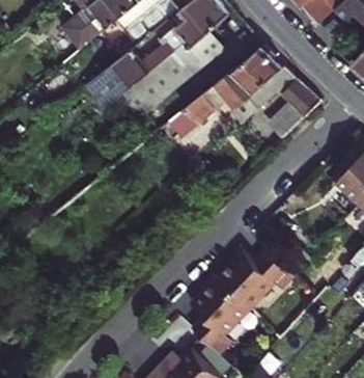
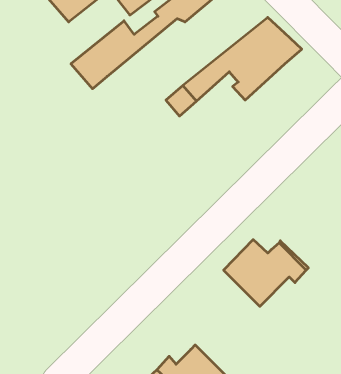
building: [114,48,208,115] -> none
building: [269,76,320,138] -> none
building: [196,278,254,353] -> none

